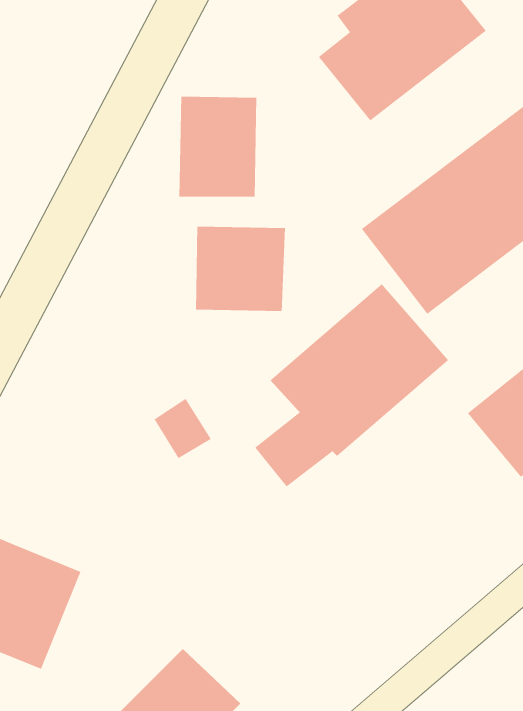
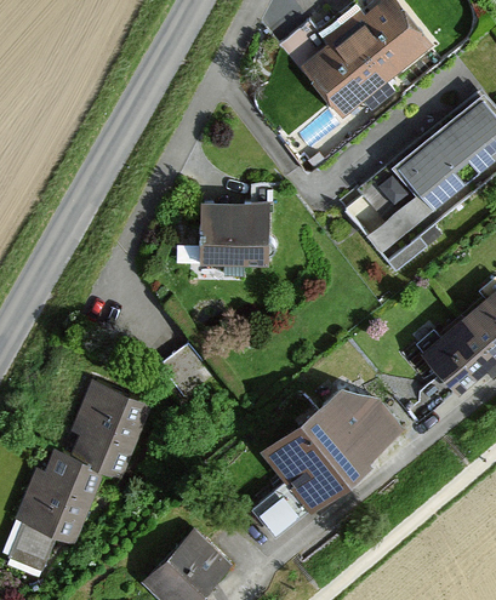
building: [179,96,257,197] -> none
building: [254,283,449,488] -> [251,381,405,542]
building: none -> [58,381,154,475]

